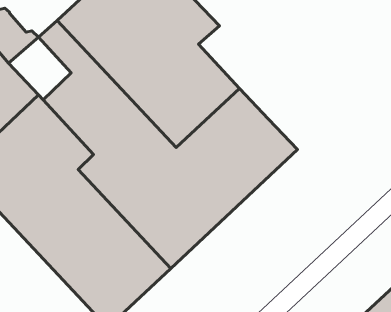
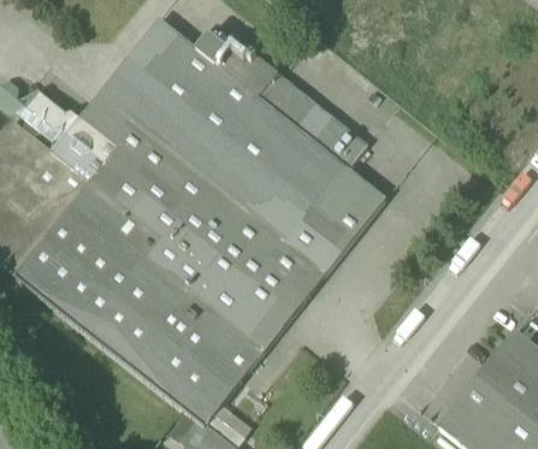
building: none -> [258,72,367,167]
building: none -> [51,116,122,184]

